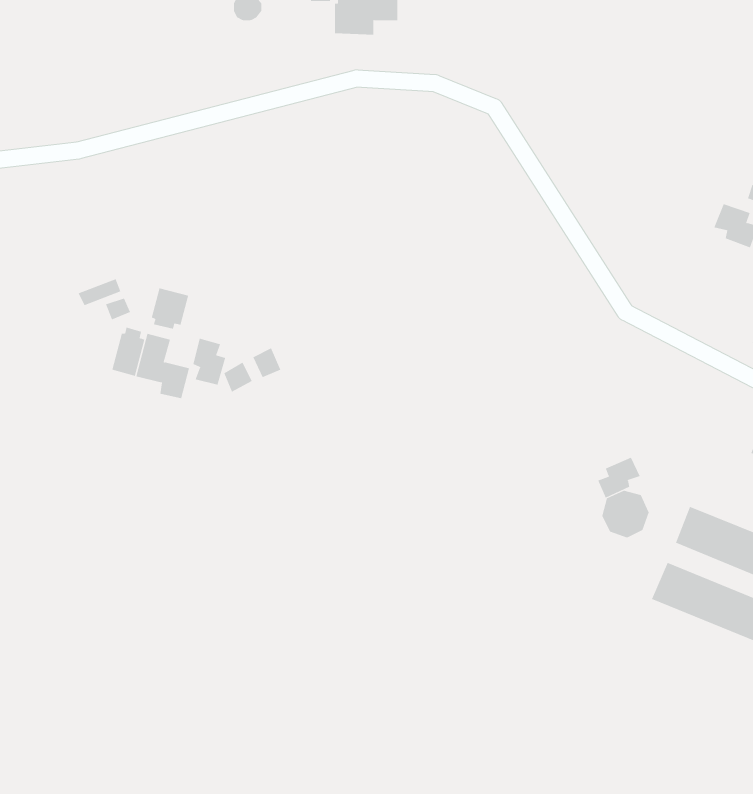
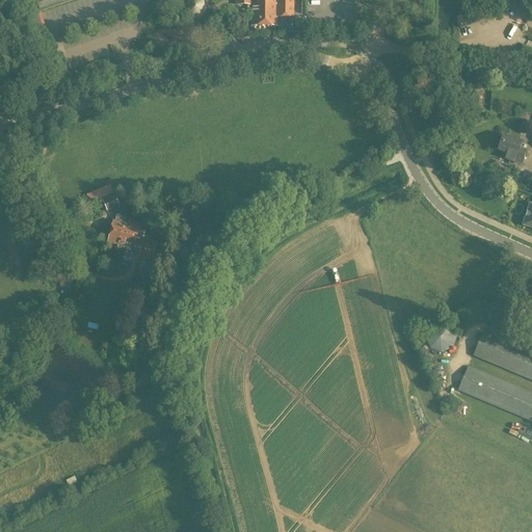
building: [151,287,189,329] -> none
building: [193,338,226,385] -> none
building: [598,457,641,498] -> none

